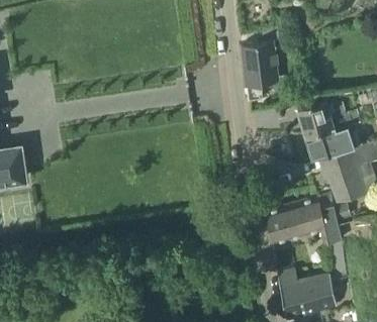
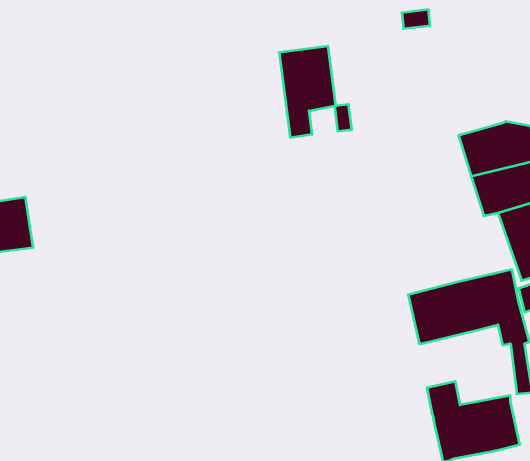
building: [242,42,288,101] -> [279,46,352,137]

